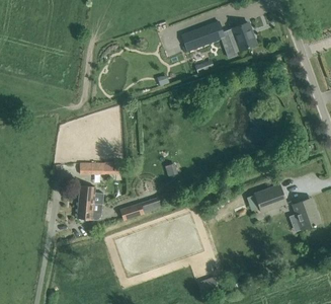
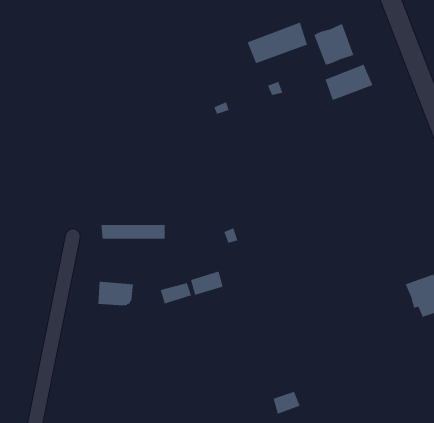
building: none -> [325,64,373,101]
building: [253,183,285,212] -> none
building: [78,184,103,204] -> none

